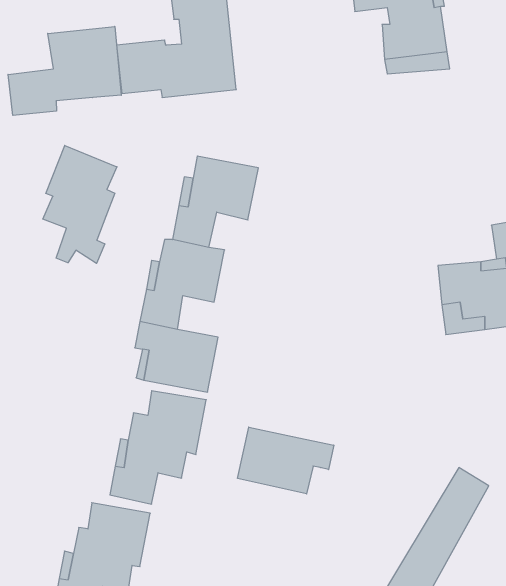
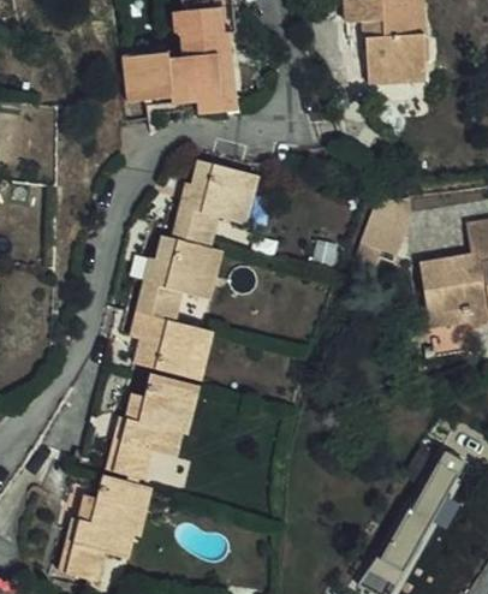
building: [8,26,121,115] -> none
building: [43,145,117,263] -> none
building: [238,427,334,494] -> none

